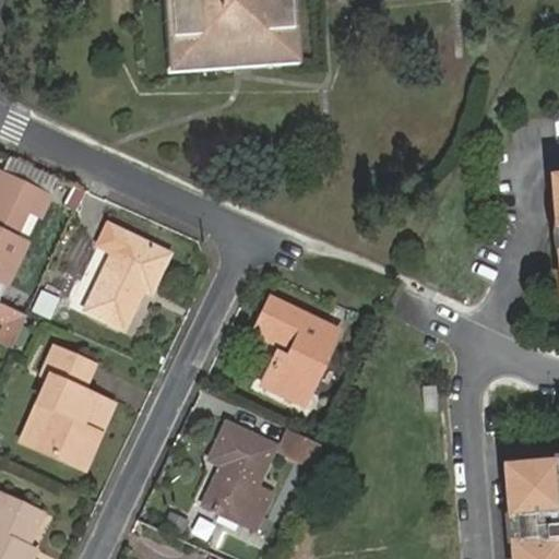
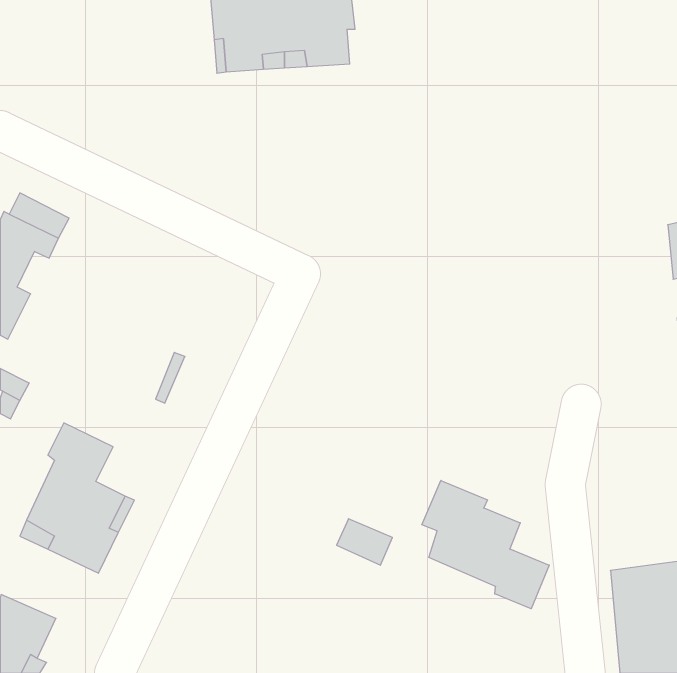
building: [87,223,169,324] -> none
building: [251,300,338,407] -> none
building: none -> [422,480,549,609]
building: [202,427,273,533] -> none

